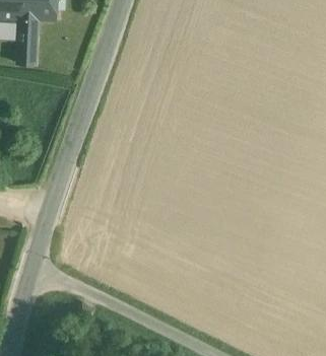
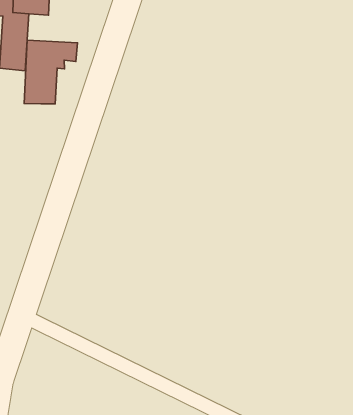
building: none -> [24,40,77,104]

